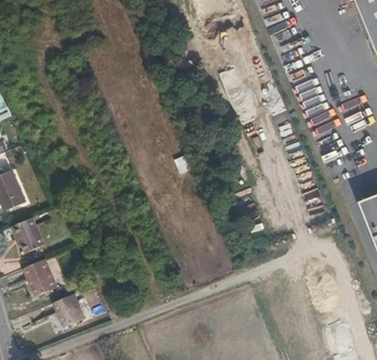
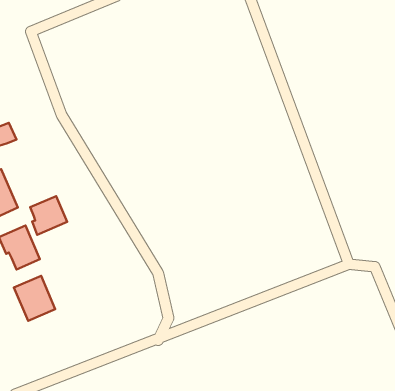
building: none -> [30,196,67,235]
building: [52,294,84,329] -> none

